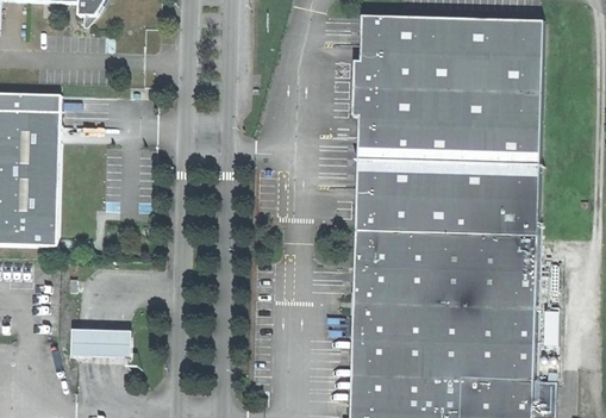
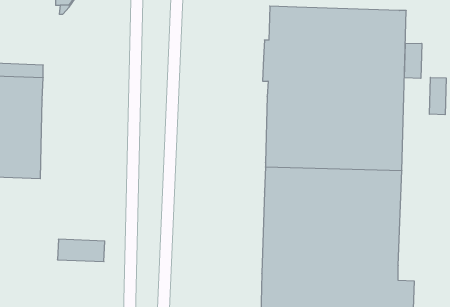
building: none -> [404,43,422,78]
building: none -> [429,77,446,115]

